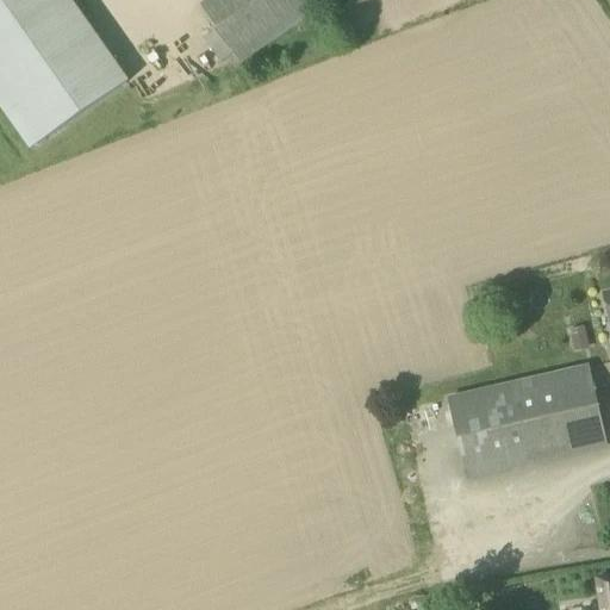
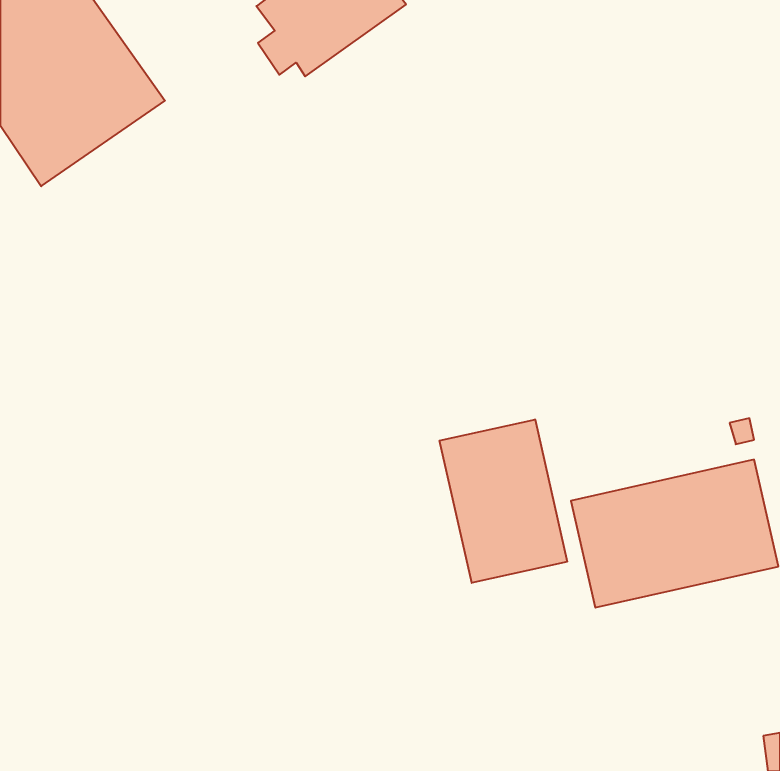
building: none -> [440,419,567,583]

